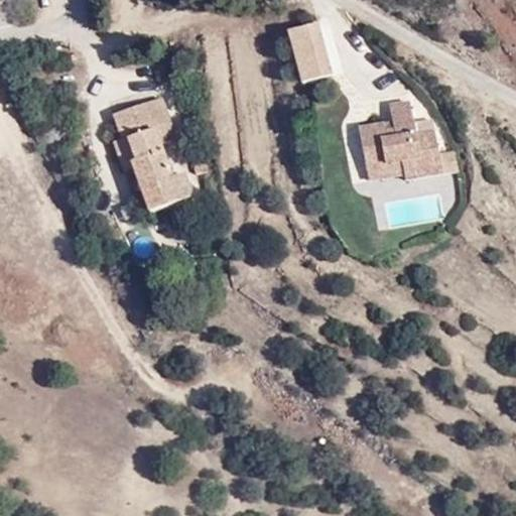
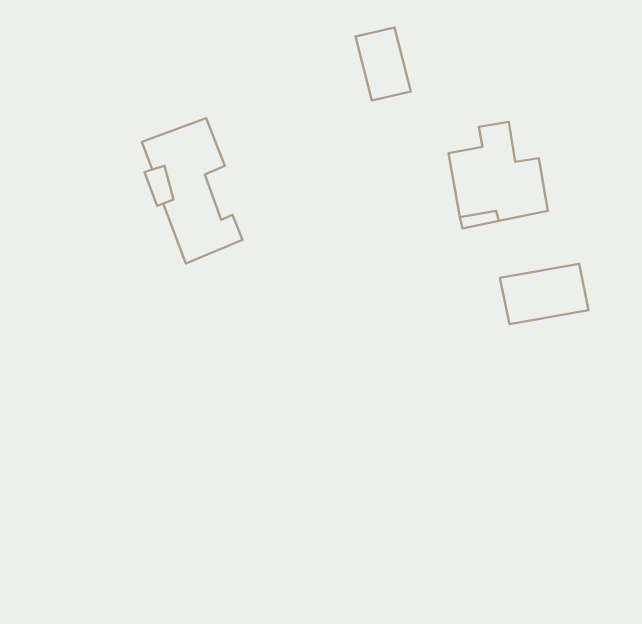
building: none -> [500,264,589,324]

